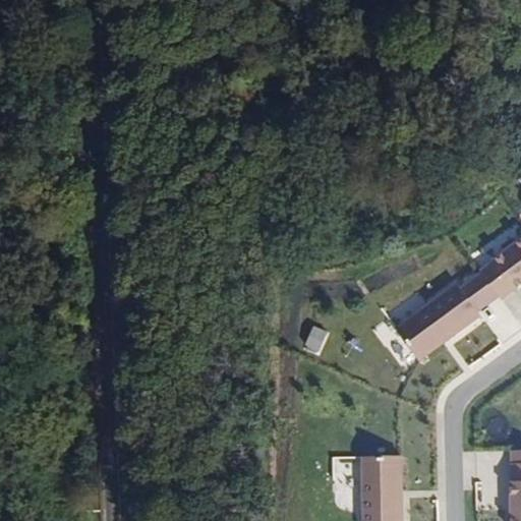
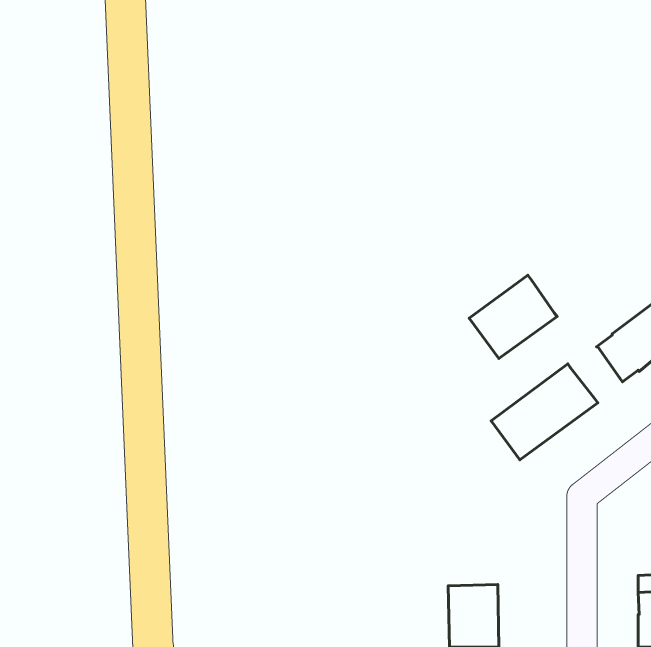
building: none -> [469,275,557,358]
building: [457,272,496,311] -> none

